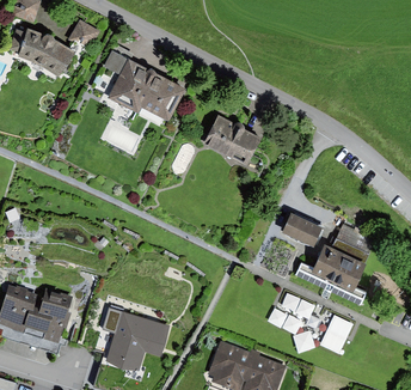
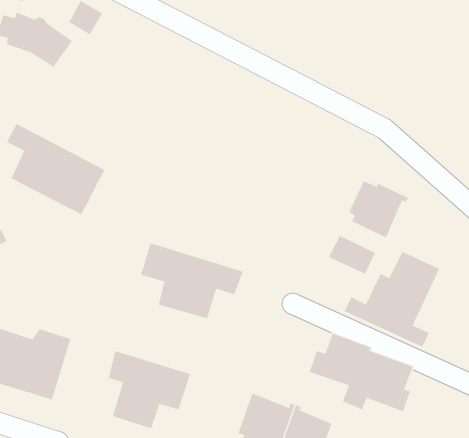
building: [102,53,183,128] -> [6,123,105,215]
building: [204,114,262,159] -> none
building: none -> [349,181,409,238]
building: none -> [141,243,243,319]

